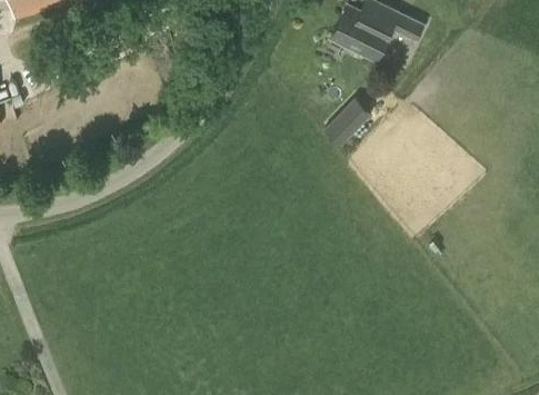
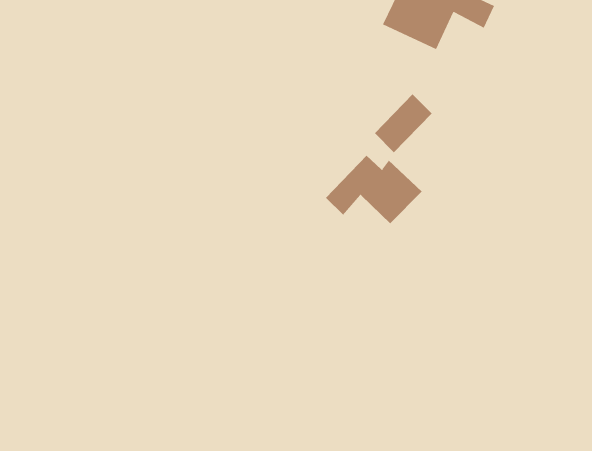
building: none -> [325,155,422,224]

